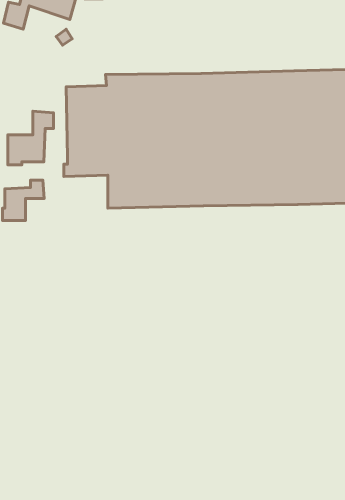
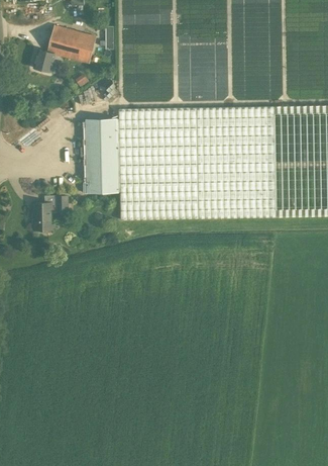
building: [8,111,54,165] -> none

